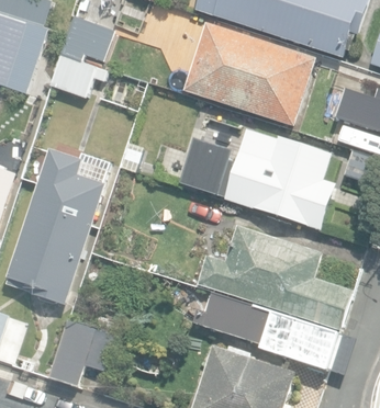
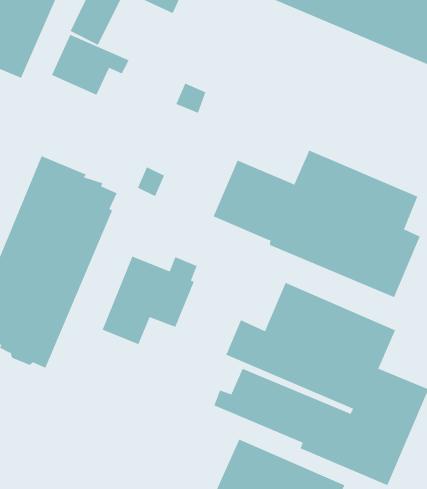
building: [182,22,314,125] -> none
building: [49,317,116,385] -> [102,256,197,345]

